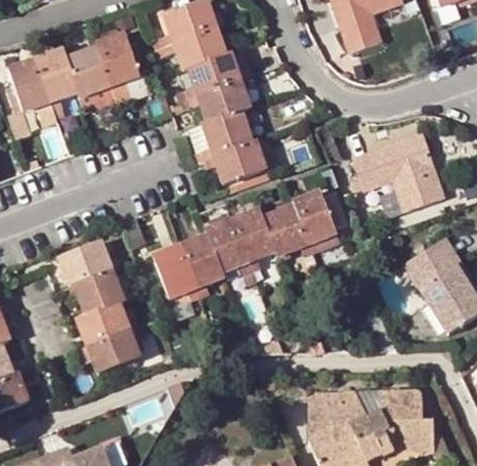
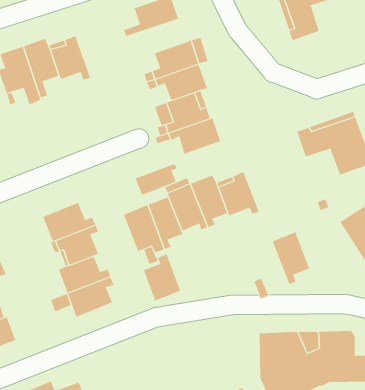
building: [156,27,226,69] -> none
building: [96,32,146,105] -> none
building: [292,189,336,251] -> [272,232,310,284]
building: none -> [135,163,178,195]
building: none -> [143,254,181,301]

